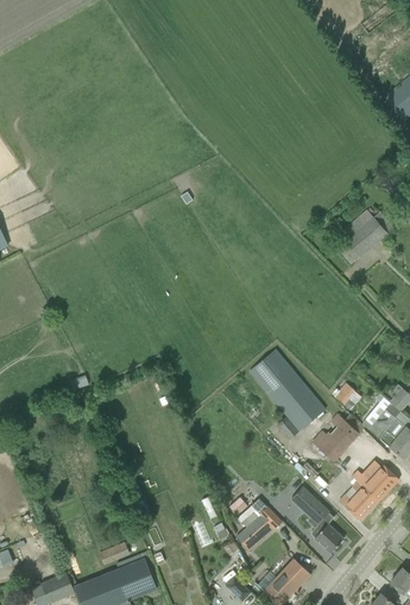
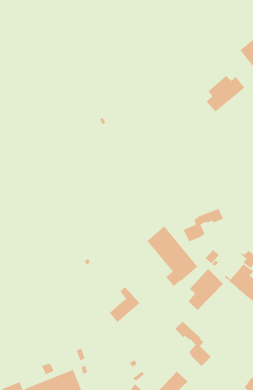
building: [336,210,393,264] -> [206,75,245,112]
building: none -> [183,208,224,242]
building: [338,467,397,522] -> none
building: [235,498,280,550] -> [109,287,140,323]

